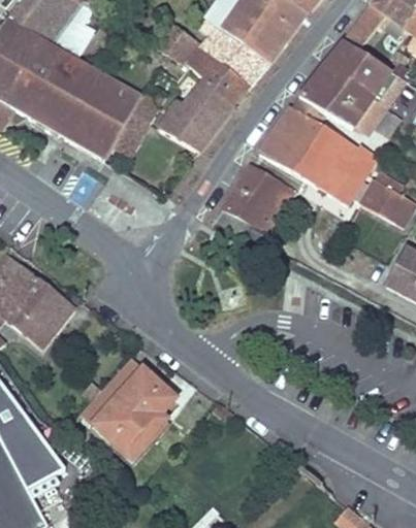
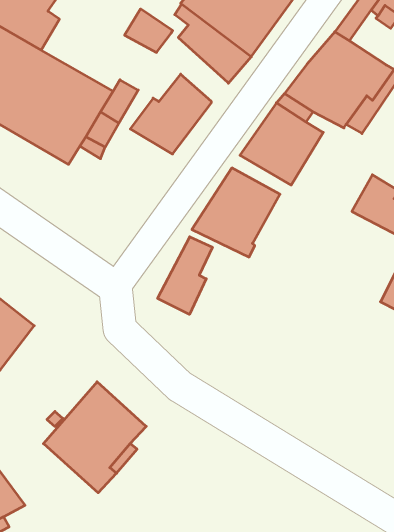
building: [189,46,248,104] -> none
building: [306,132,378,204] -> none
building: none -> [158,237,212,314]

